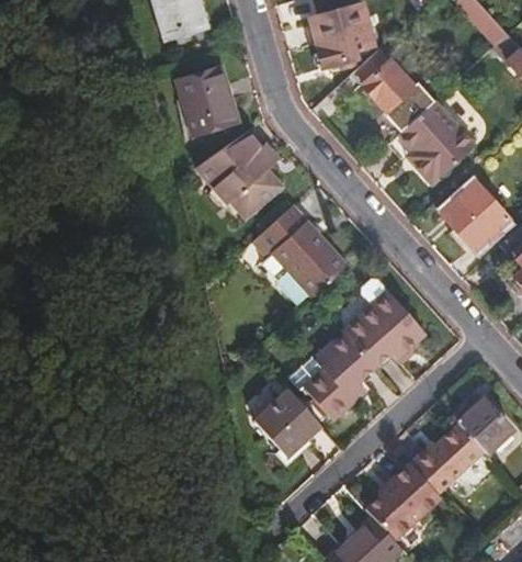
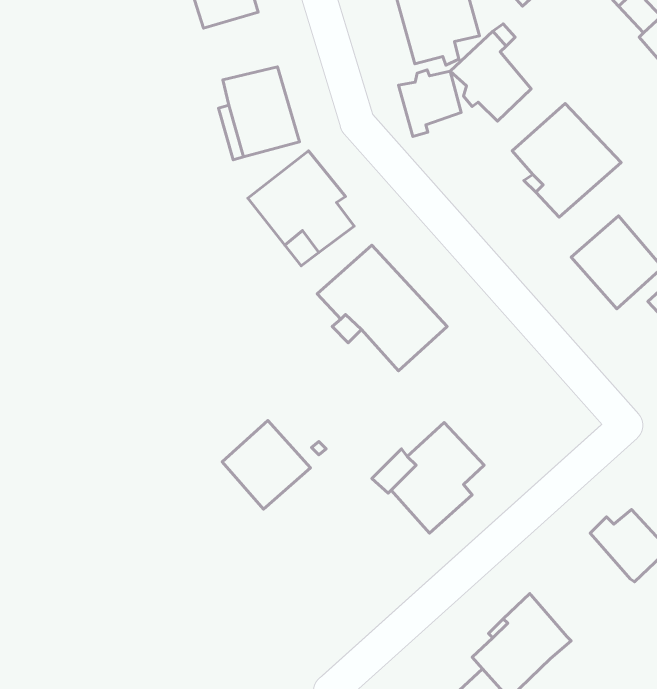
building: none -> [399,70,461,137]
building: [342,278,425,367] -> none
building: [256,389,321,454] -> [222,421,311,509]
building: [411,424,485,494] -> none

